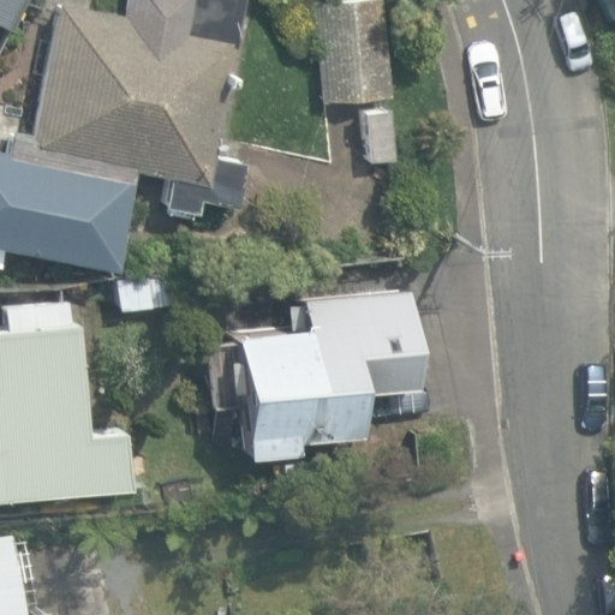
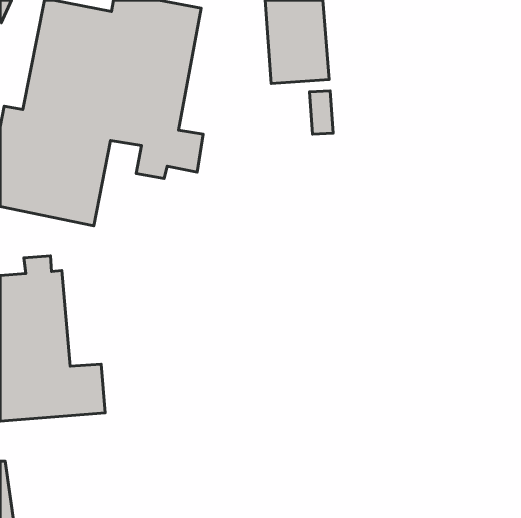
building: [205,274,418,471] -> none

